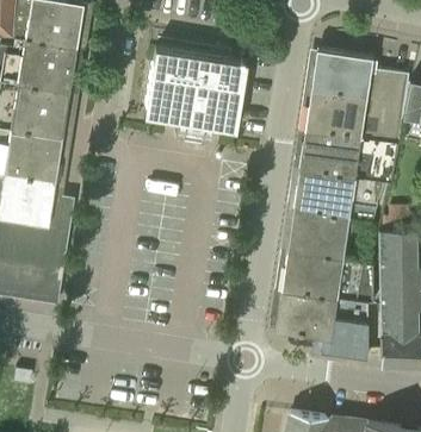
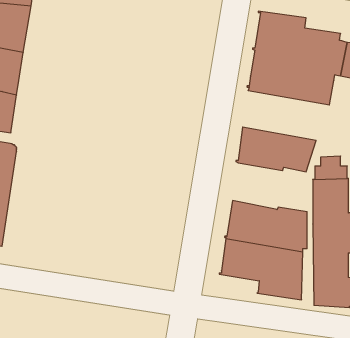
building: [143,49,246,139] -> none
building: [302,136,396,189] -> none
building: [290,213,346,263] -> none

